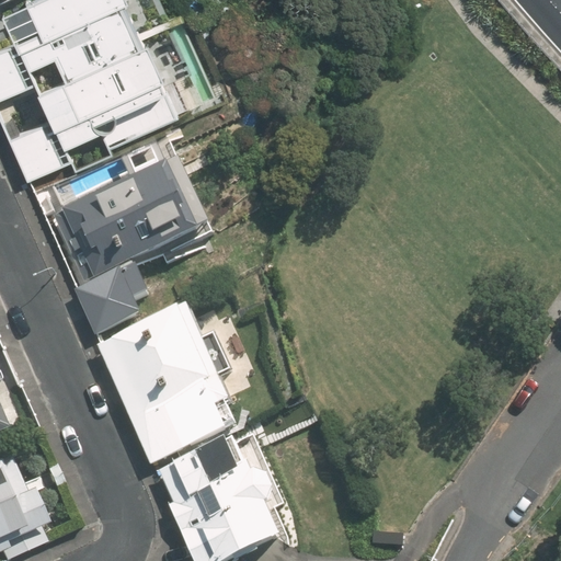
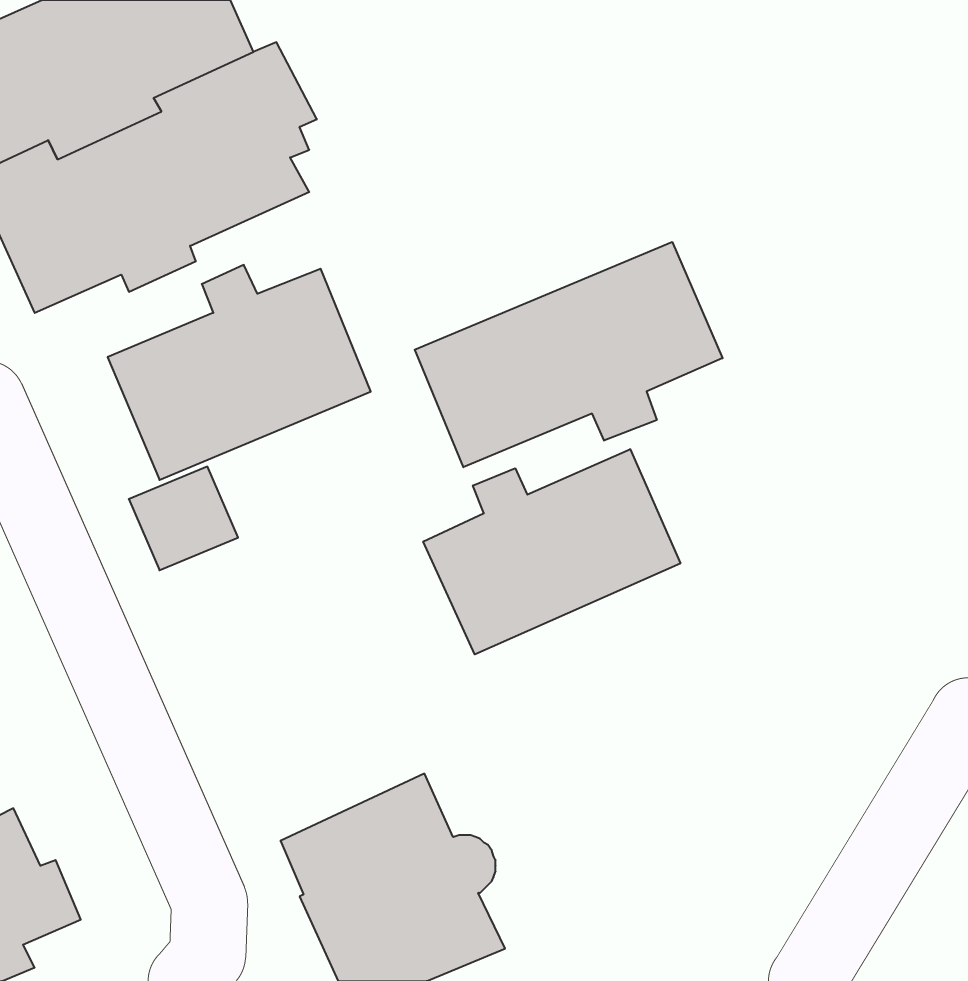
building: none -> [415,242,723,467]
building: none -> [423,449,680,654]
building: [96,309,234,468] -> none

